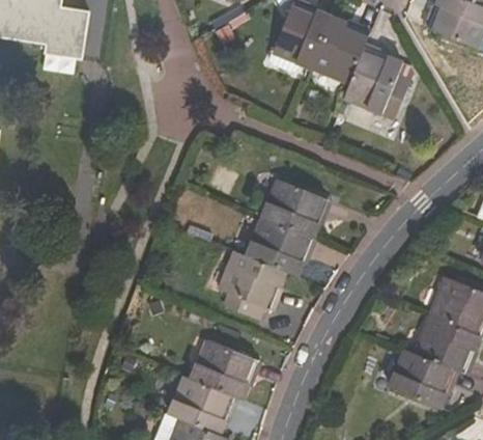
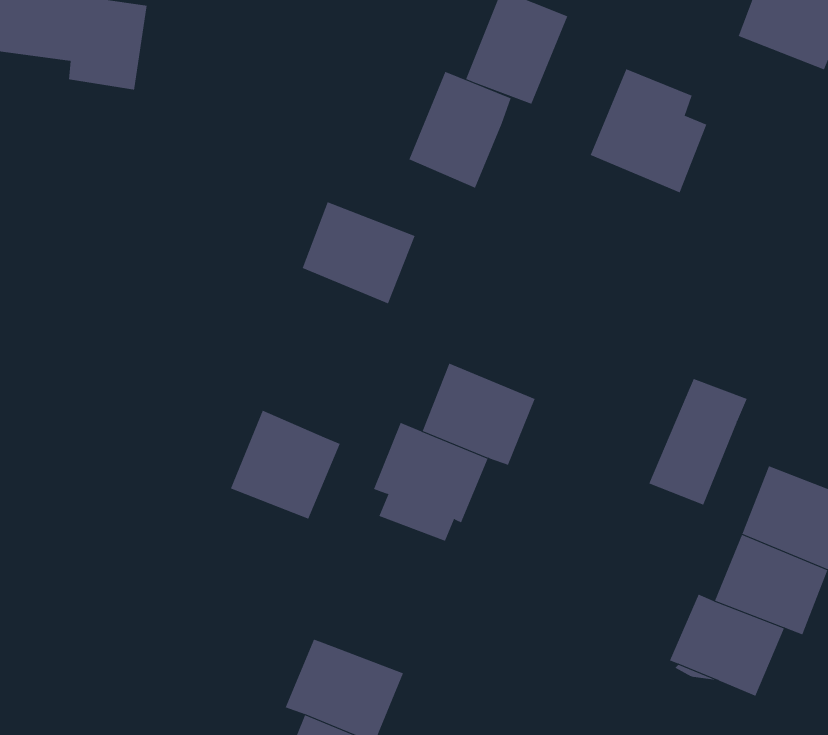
building: [309,17,368,84] -> [409,71,512,188]
building: [261,177,326,237] -> [302,201,416,304]
building: none -> [649,378,748,506]
building: none -> [230,410,340,520]
building: [192,339,256,397] -> none

